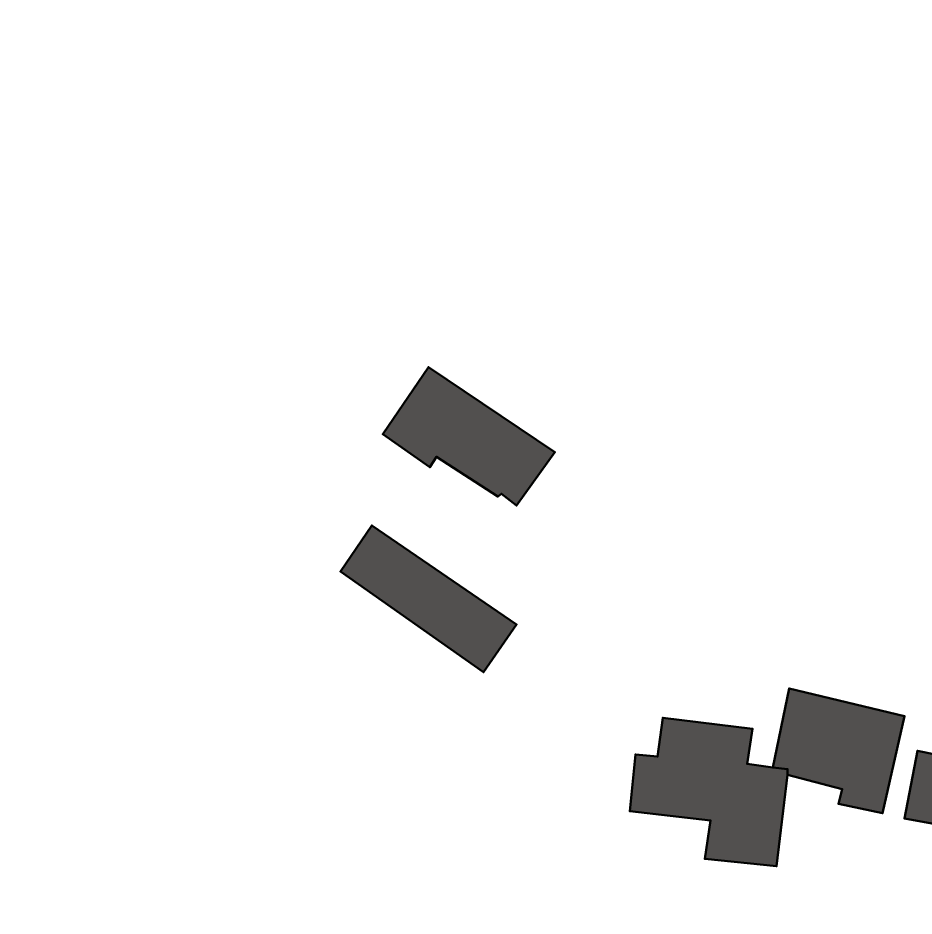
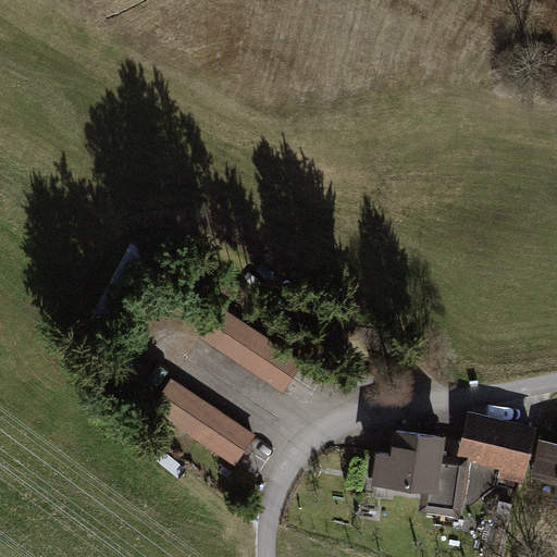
building: [383,367,555,505] -> none
building: none -> [136,369,261,473]

